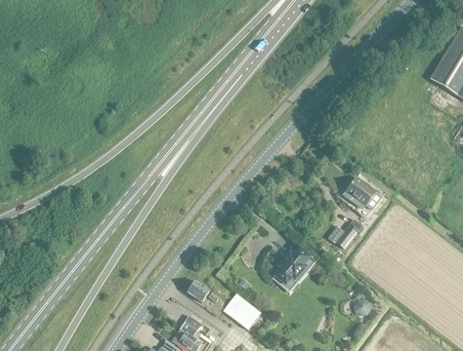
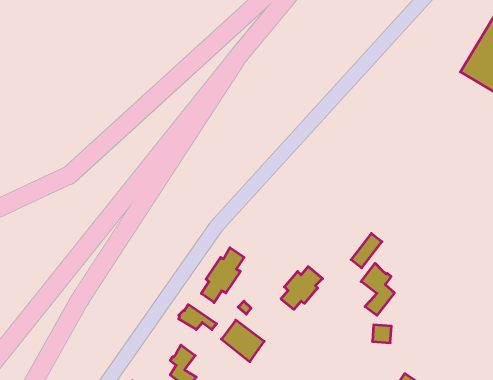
building: [346,178,381,217] -> none
building: none -> [201,248,244,303]
building: none -> [361,263,394,315]

